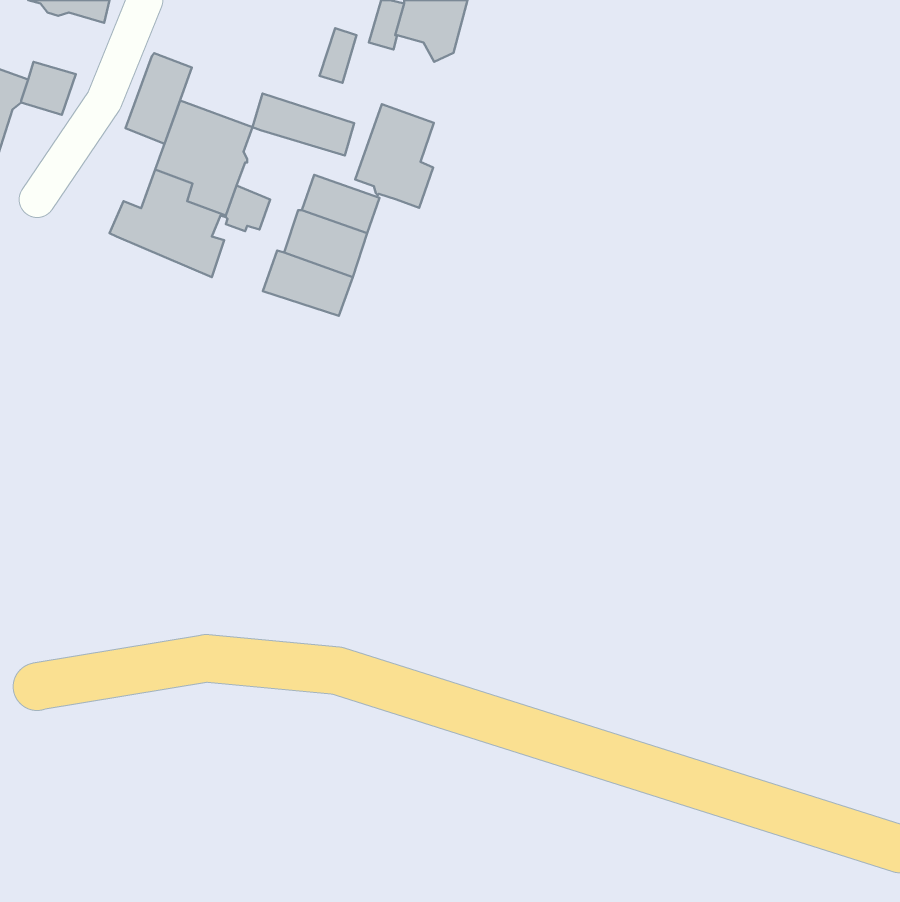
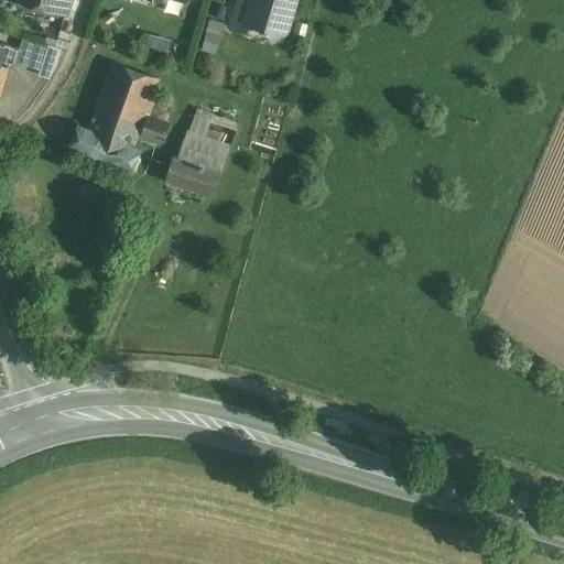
building: [126,53,192,144] -> none
building: [252,94,354,155] -> none
building: [355,104,434,208] -> none

